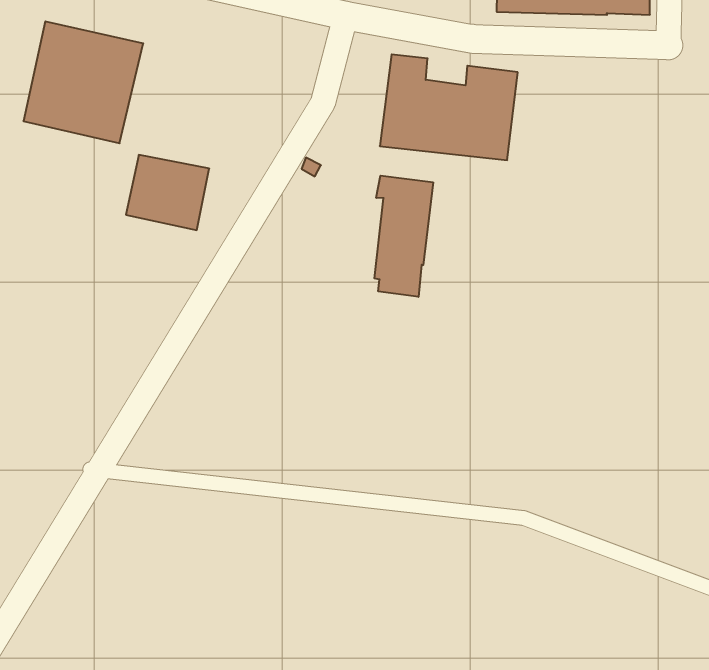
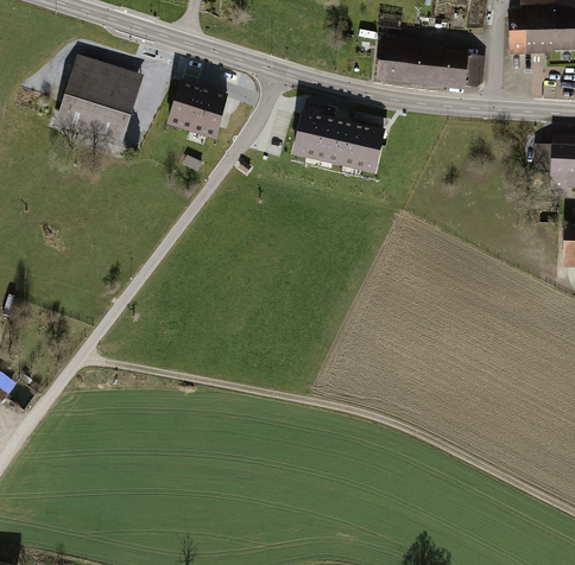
building: [126,155,209,230] -> [169,81,227,134]
building: [374,176,433,297] -> none

